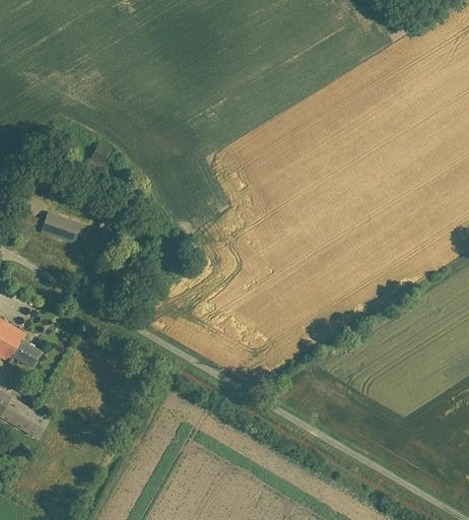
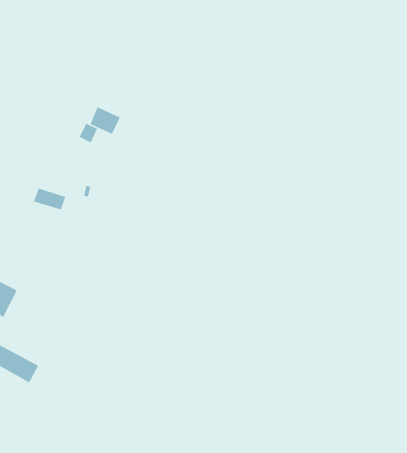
building: none -> [90,106,121,135]
building: [11,339,41,367] -> none

